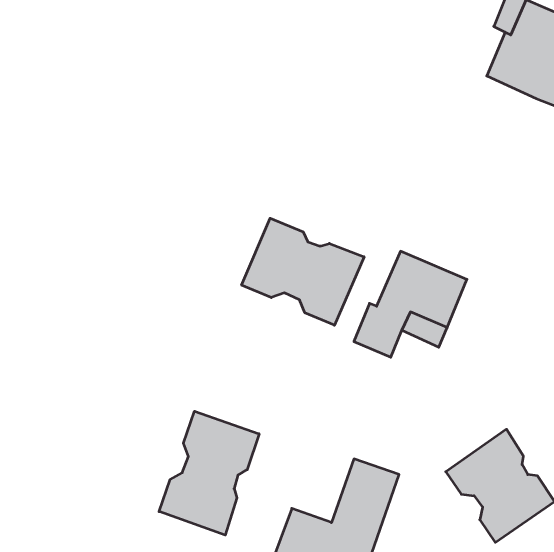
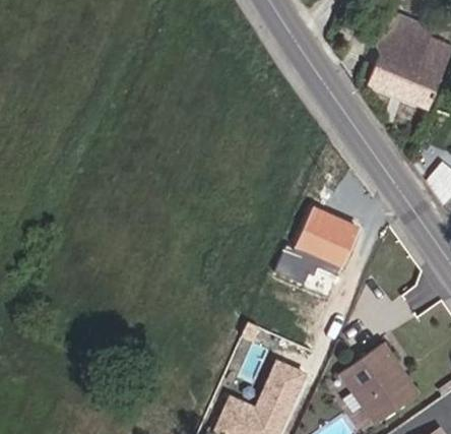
building: [242,218,364,325] -> none
building: [159,411,259,535] -> none

